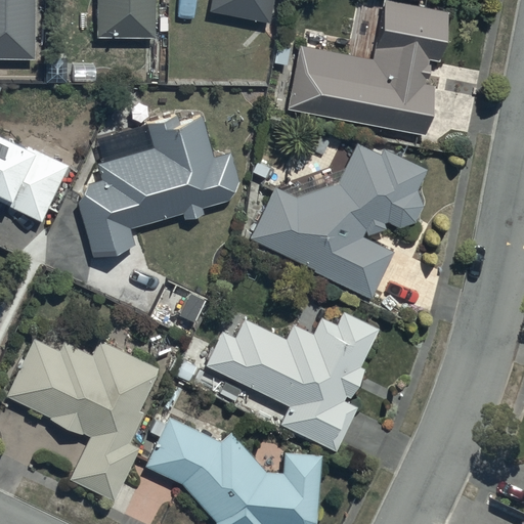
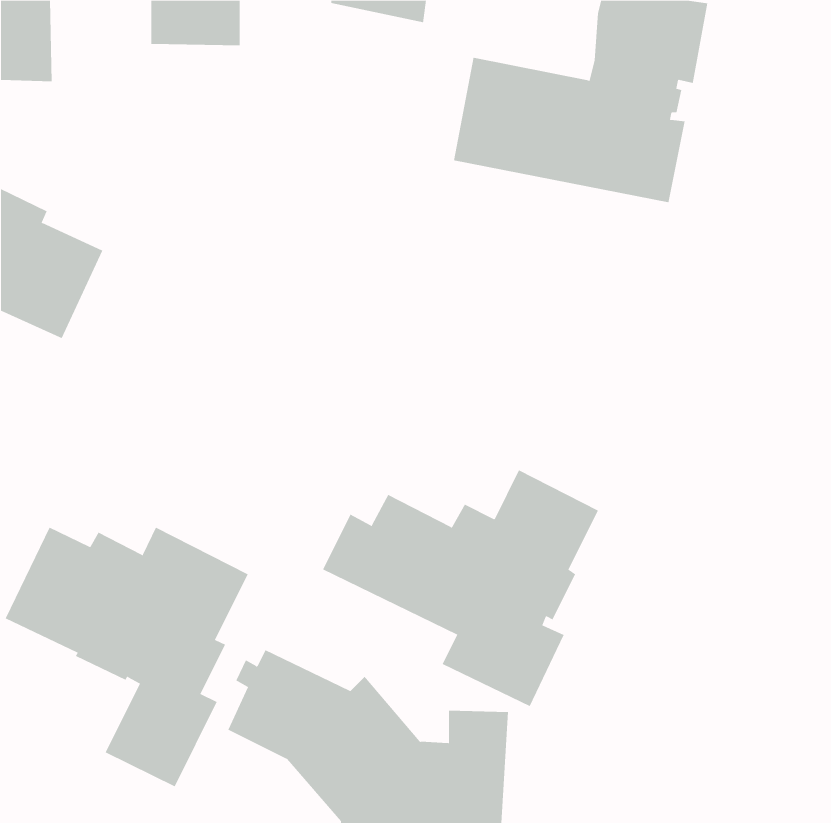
building: [76,117,242,261] -> none
building: [251,142,425,298] -> none

